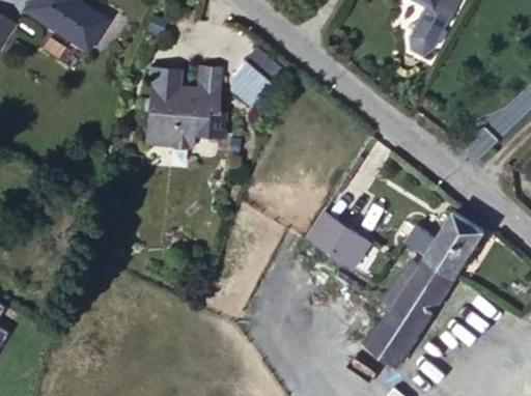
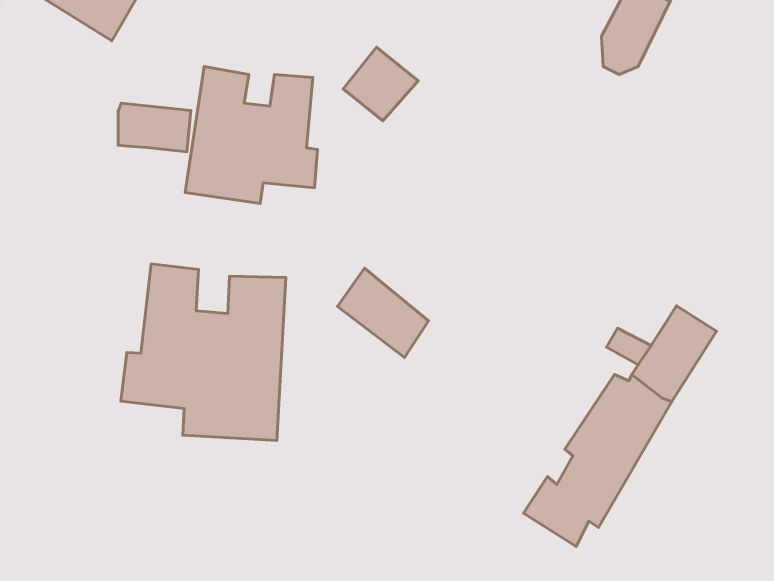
building: none -> [118,103,191,152]
building: none -> [121,264,286,440]
building: [310,210,369,268] -> [338,268,428,357]

